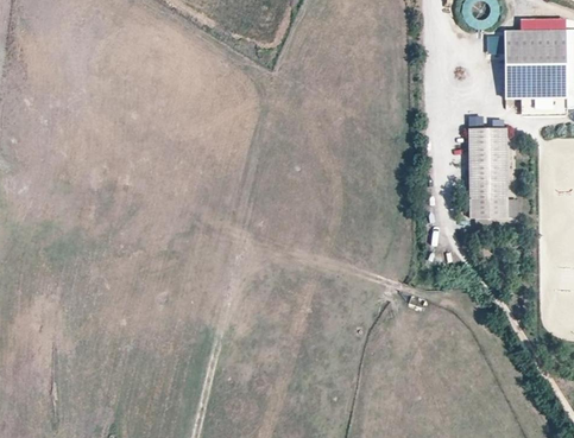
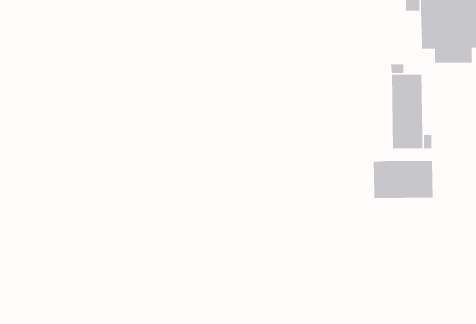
building: none -> [373,160,434,199]

